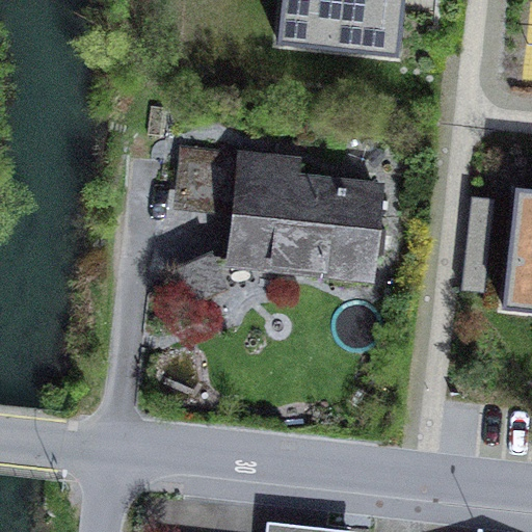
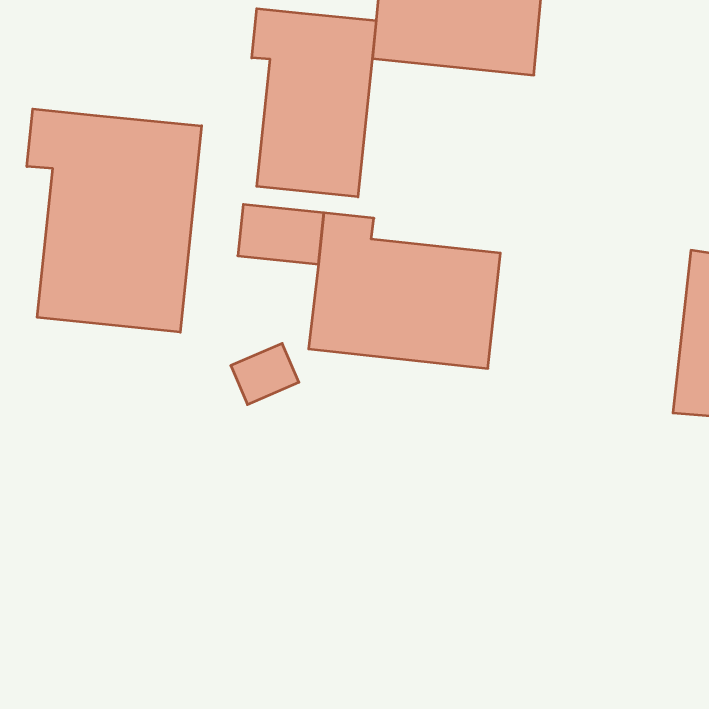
building: none -> [252,9,376,197]
building: none -> [27,109,202,332]

